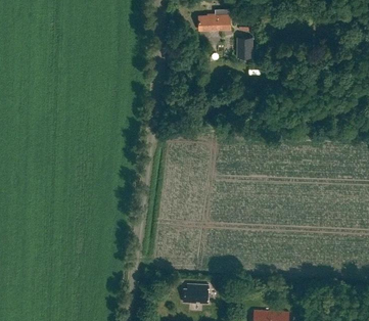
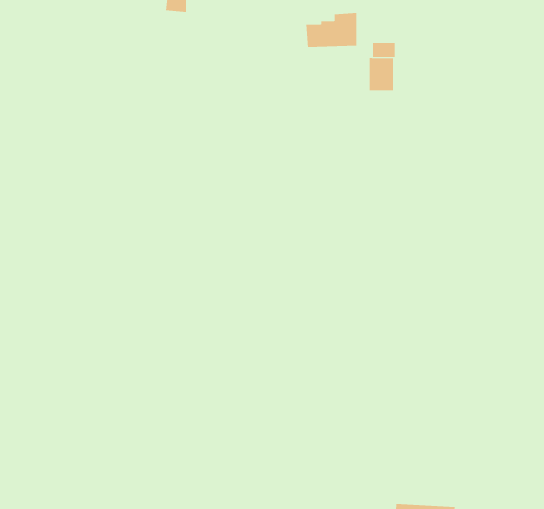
building: [183,285,209,305] -> none

